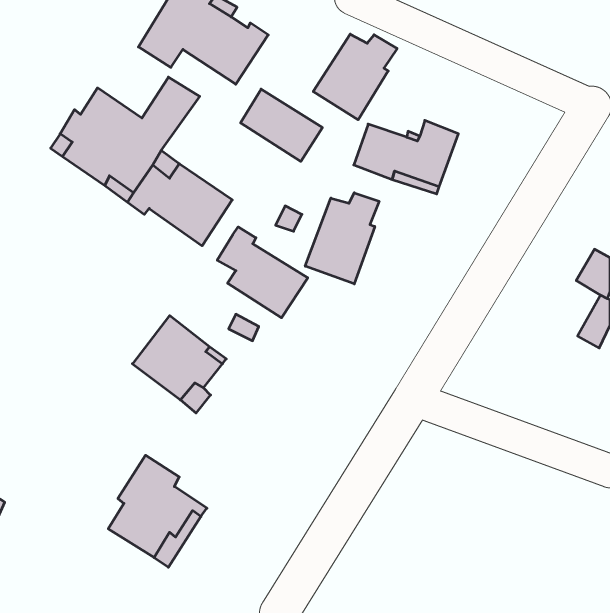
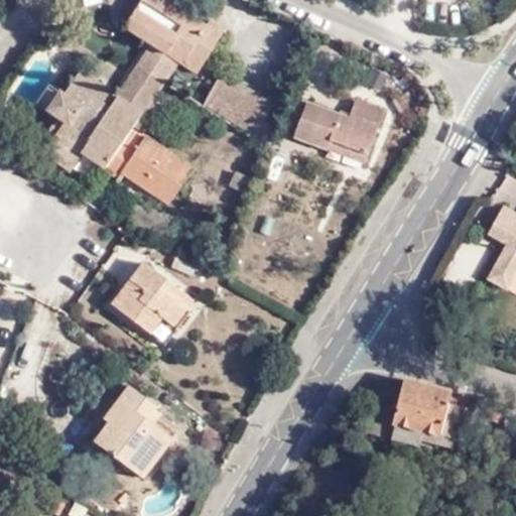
building: [313,34,397,120] -> none
building: [305,193,379,284] -> none
building: [217,227,308,318] -> none
building: none -> [390,375,453,444]

